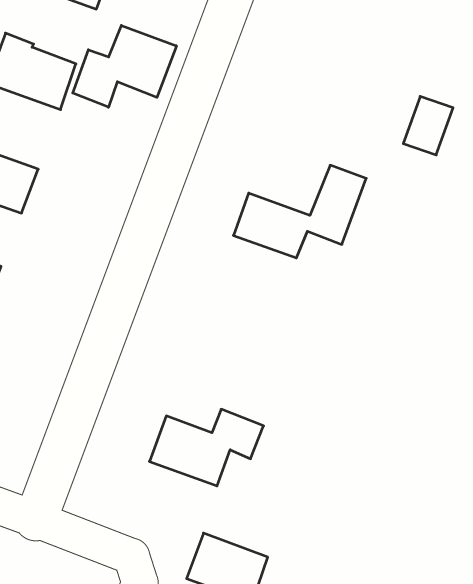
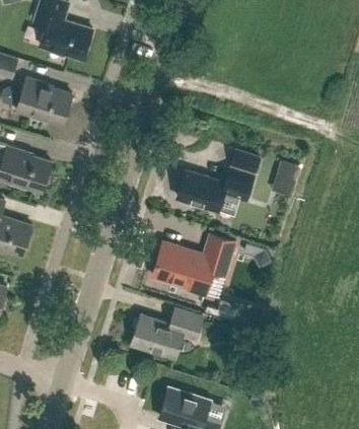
building: [73,25,176,107] -> none
building: [403,96,453,155] -> [269,157,299,194]
building: none -> [152,233,235,294]

